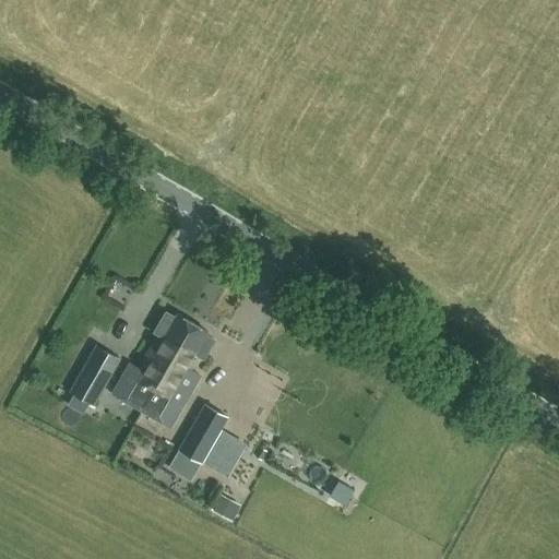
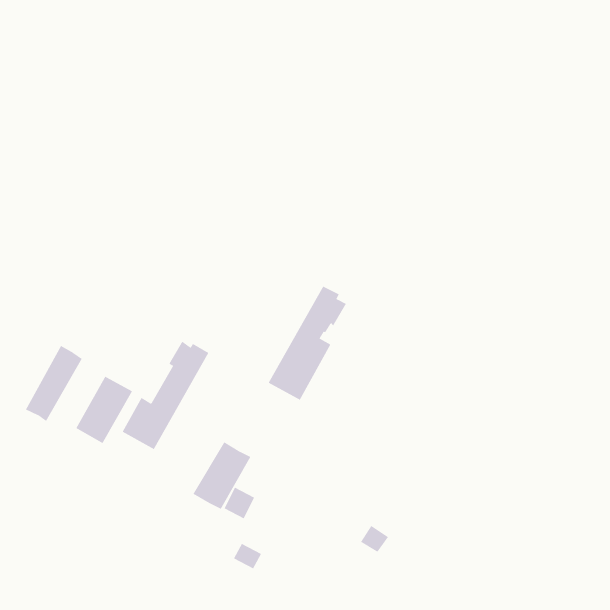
building: none -> [25,345,82,422]
building: [142,323,214,428] -> [268,286,347,401]

